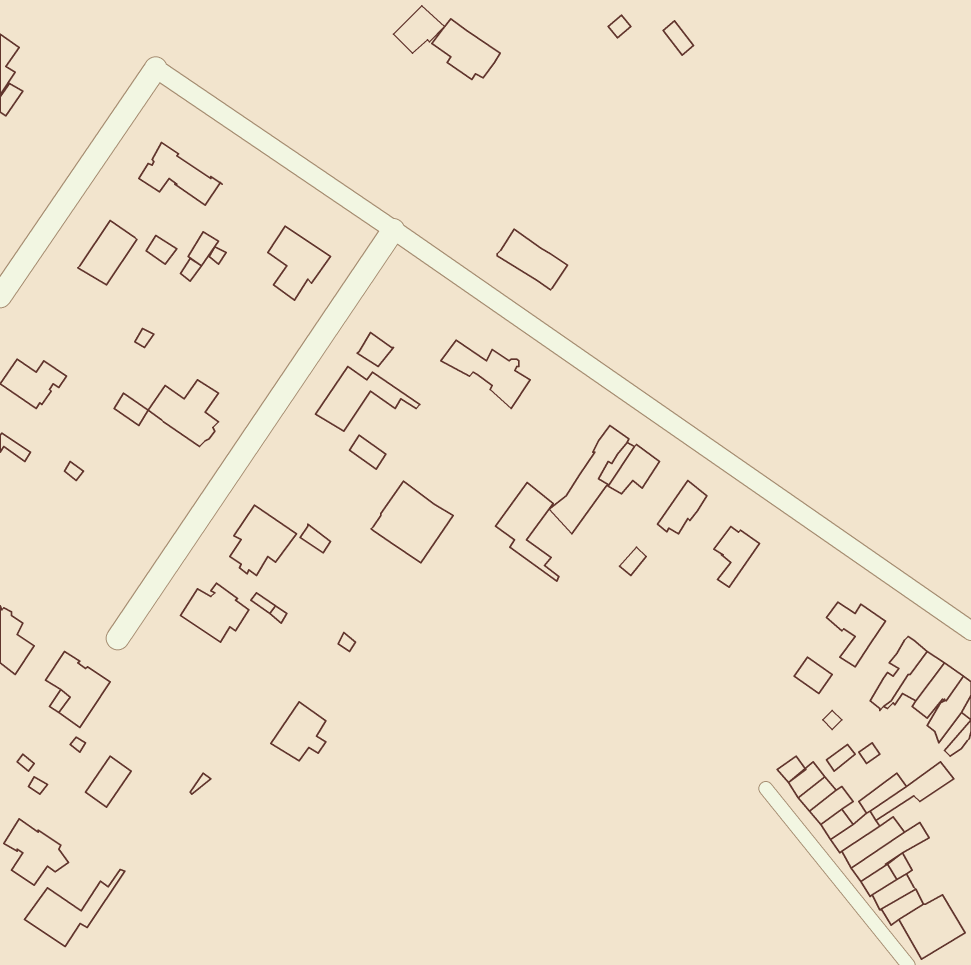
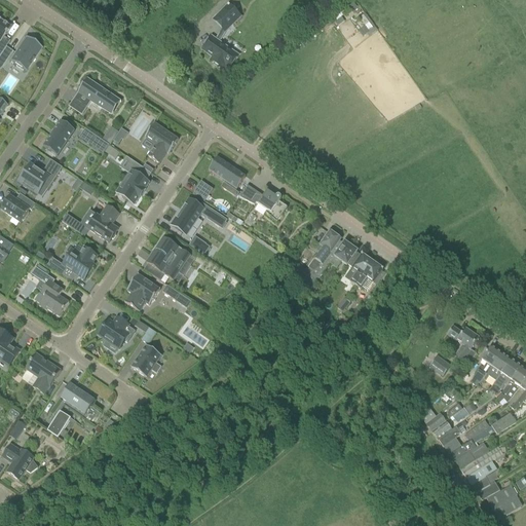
building: [432,19,500,80] -> [201,35,238,68]
building: none -> [8,36,41,71]
building: [497,229,567,290] -> [208,155,246,188]
building: none -> [117,155,151,202]
building: none -> [18,158,62,192]
building: none -> [46,247,97,281]
building: [371,481,453,563] -> [146,235,190,279]
building: [495,483,559,581] -> none
building: none -> [31,266,69,315]
building: [714,526,759,587] -> [347,251,372,284]
building: [271,702,326,761] -> [130,344,160,376]
building: none -> [60,381,95,414]
building: [24,870,125,947] -> none

